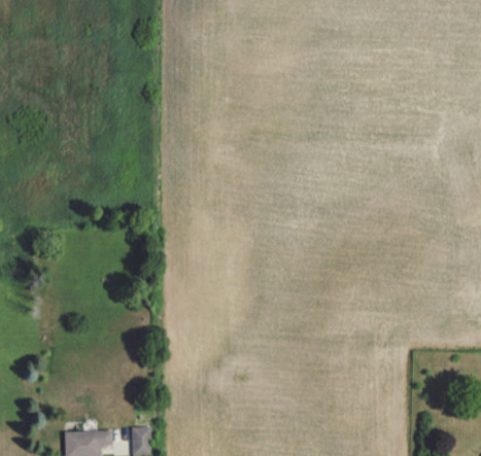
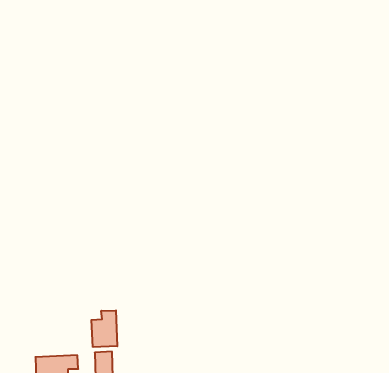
building: none -> [91,310,117,347]

